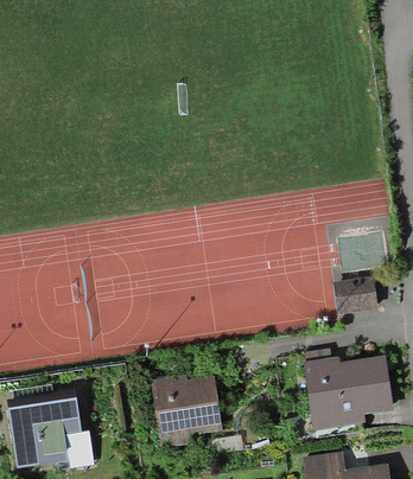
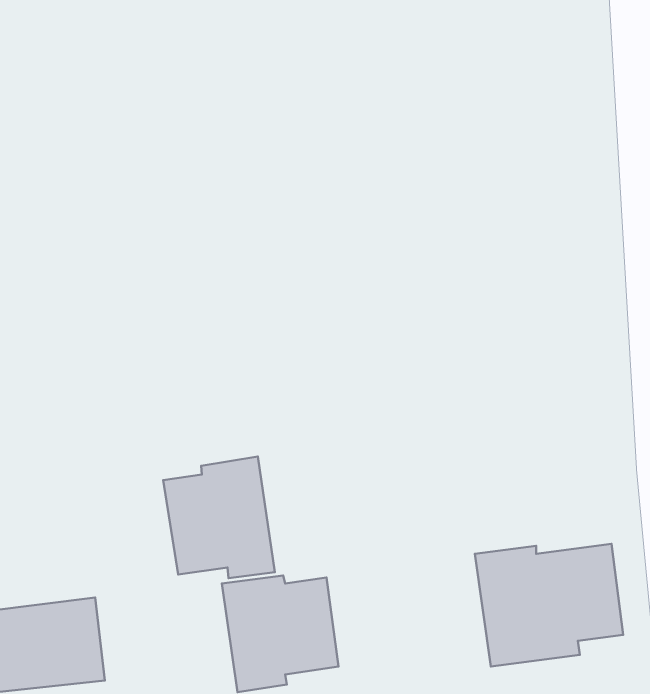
building: [339,277,377,313] -> none
building: none -> [163,457,275,578]

